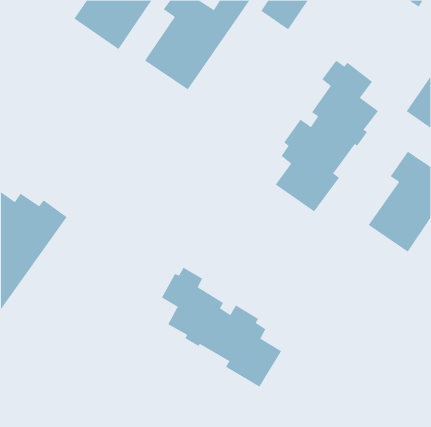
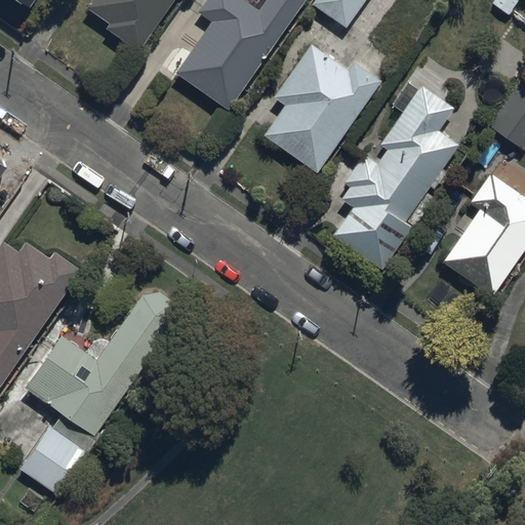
building: none -> [265,39,383,168]
building: none -> [23,283,183,434]
building: [161,267,282,387] -> none
building: none -> [18,425,86,492]

